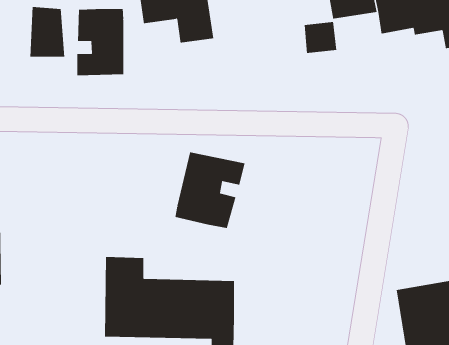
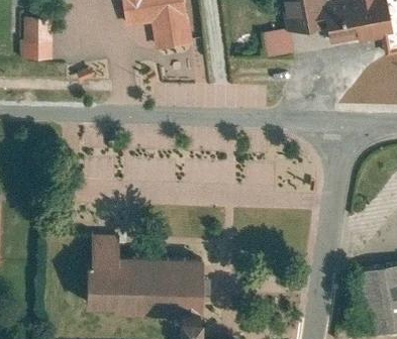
building: [77,8,124,76] -> none
building: [175,151,245,229] -> none

